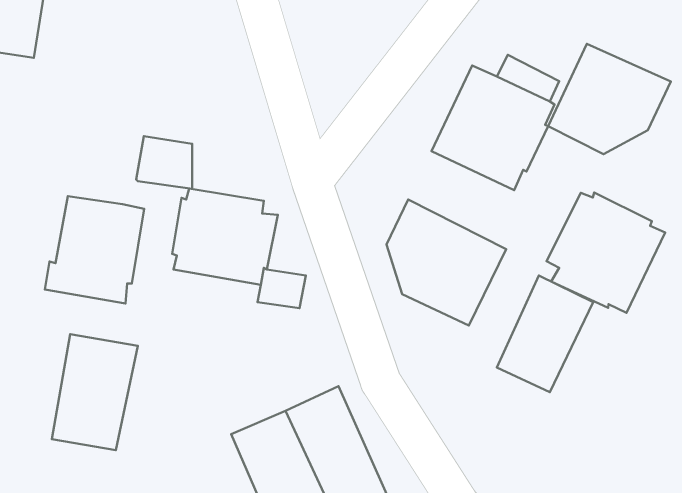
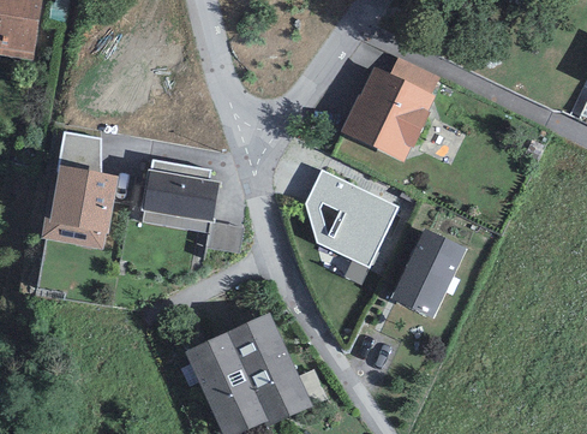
building: [548,44,671,154] -> none
building: [136,136,192,189] -> [58,131,101,172]
building: [547,193,665,313] -> none
building: [52,334,138,450] -> none

